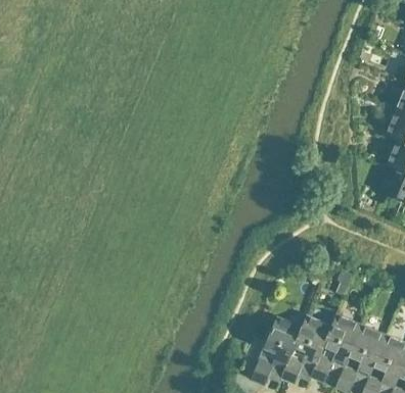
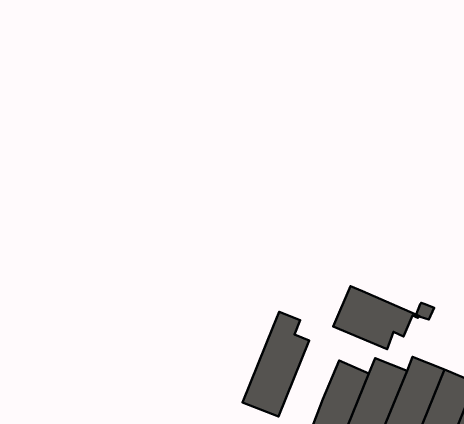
building: none -> [333,286,418,349]
building: none -> [242,312,309,417]

